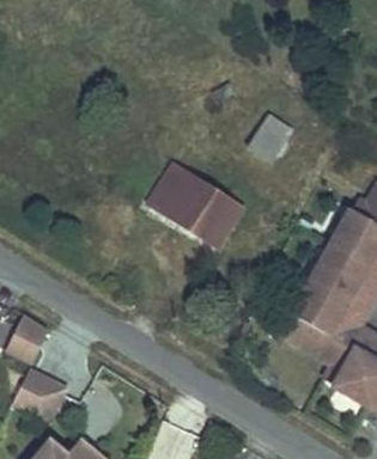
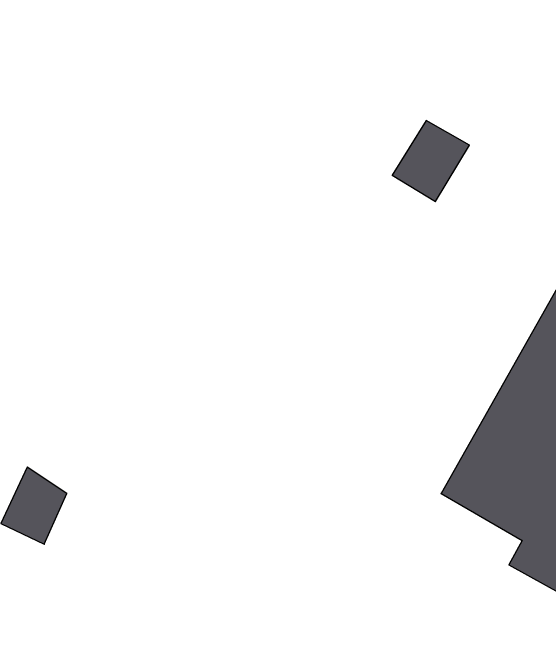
building: [147,160,245,237] -> none
building: [11,373,63,423] -> none

